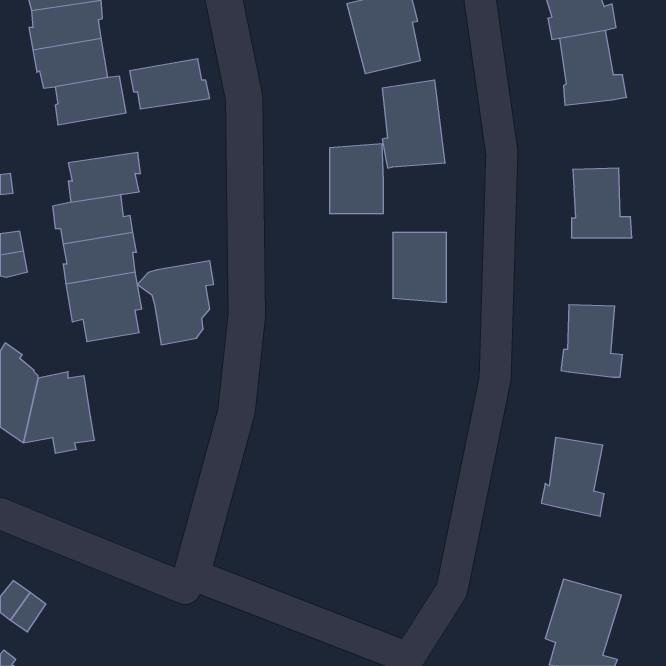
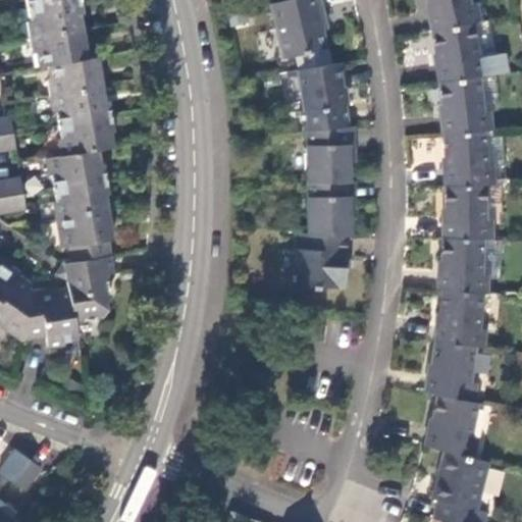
building: [130,59,210,109] -> [49,88,111,126]
building: none -> [442,77,492,133]
building: [330,144,383,214] -> [309,126,351,180]
building: none -> [446,185,492,239]
building: [138,261,214,345] -> [56,258,115,323]
building: none -> [293,230,348,288]
building: none -> [435,289,483,347]
building: none -> [424,394,476,458]

